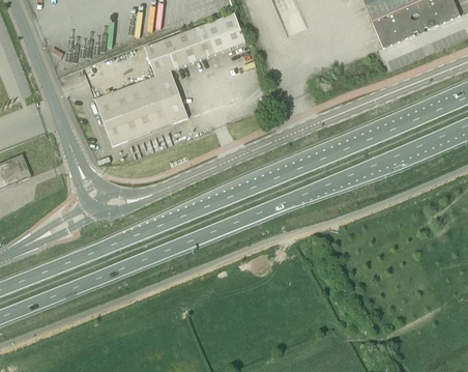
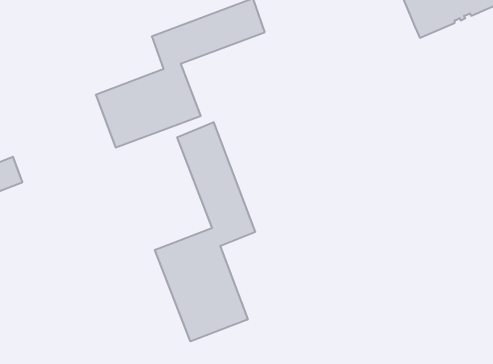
building: none -> [155,122,255,341]

